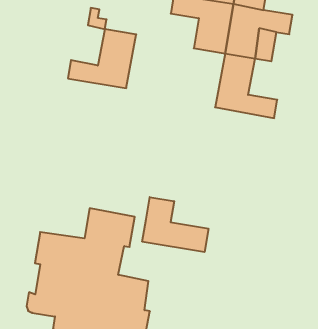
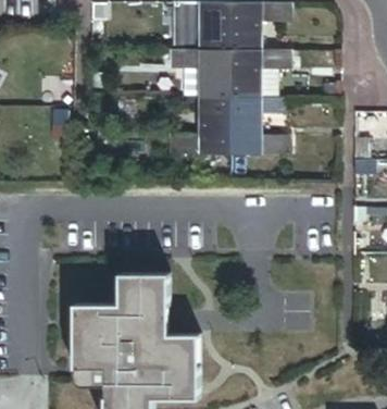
building: [68,29,136,88] -> [172,98,232,152]
building: [142,197,208,252] -> none

